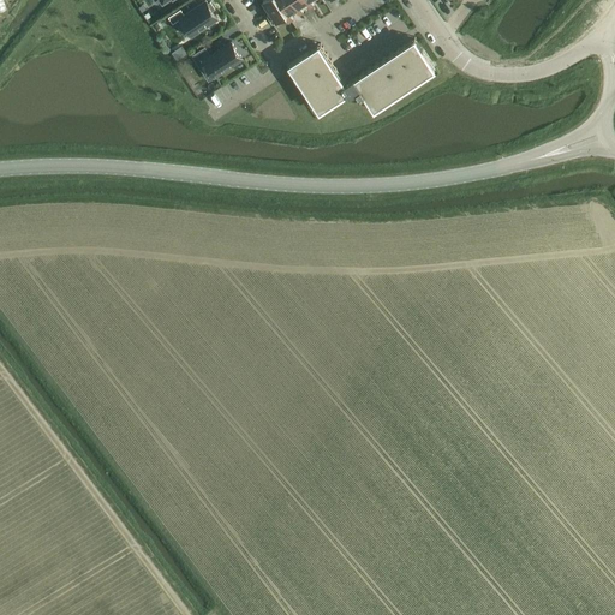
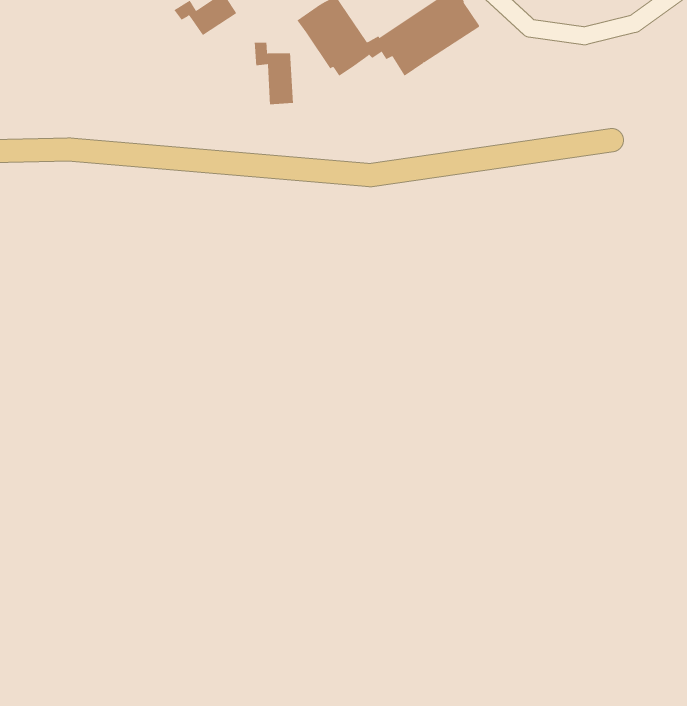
building: none -> [254,42,294,105]

